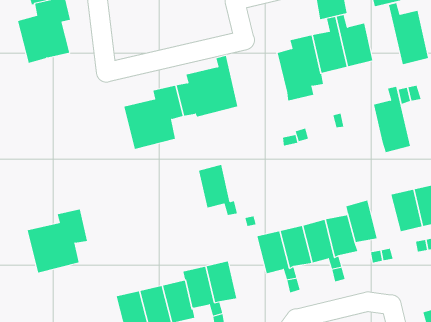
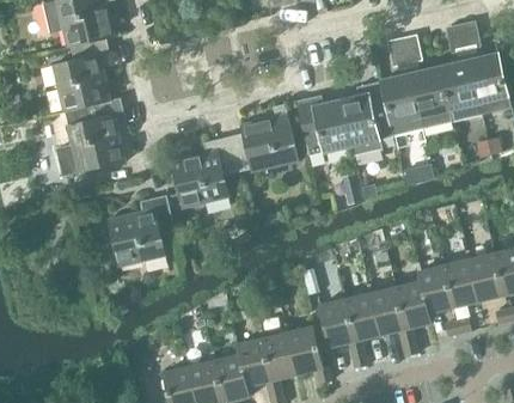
building: none -> [295,96,351,153]
building: none -> [57,98,126,177]
building: [373,86,411,153] -> [439,48,481,122]
building: [198,164,238,216] -> [287,326,331,384]
building: none -> [442,259,478,309]
building: [27,209,88,273] -> [106,196,175,268]

